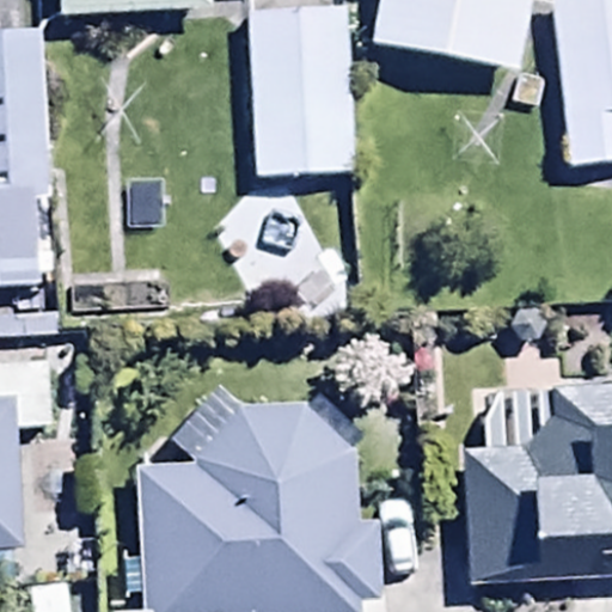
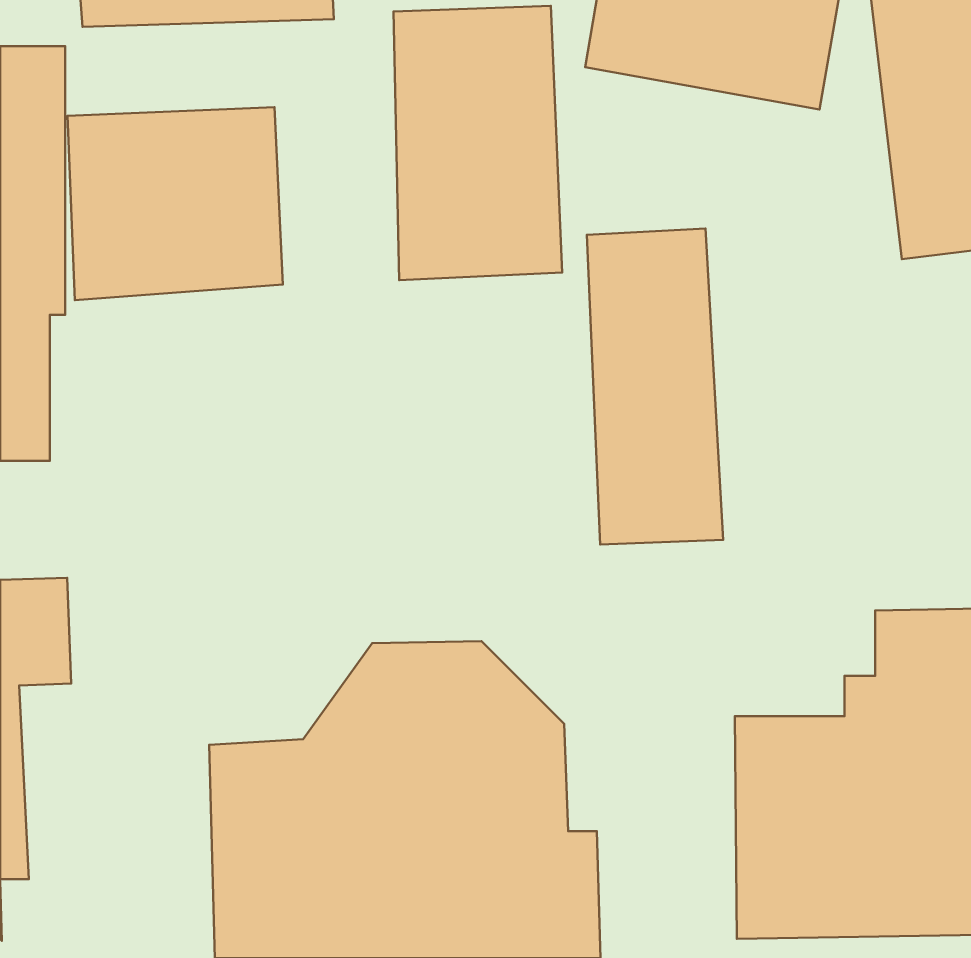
building: none -> [67,107,283,300]
building: none -> [587,228,723,544]

